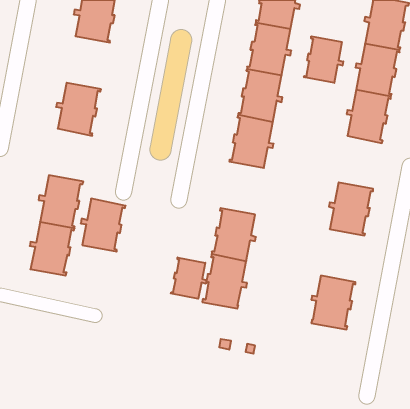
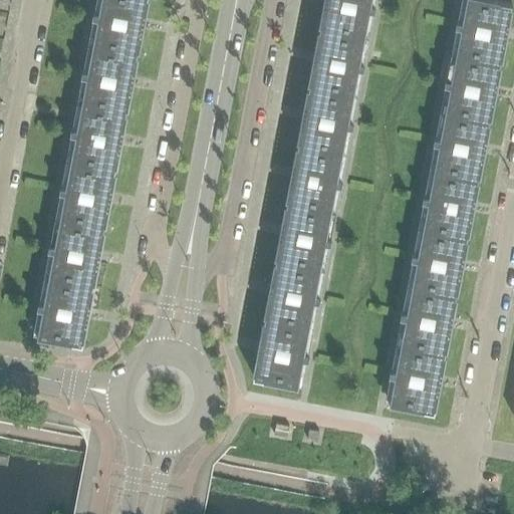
building: none -> [81,47,138,113]
building: [304,36,343,83] -> none
building: none -> [423,172,478,238]
building: none -> [276,204,331,270]
building: [81,199,126,252] -> [59,163,115,229]
building: none -> [401,288,456,354]
building: [171,257,207,299] -> none

